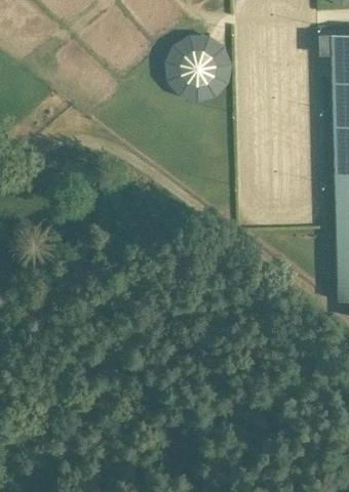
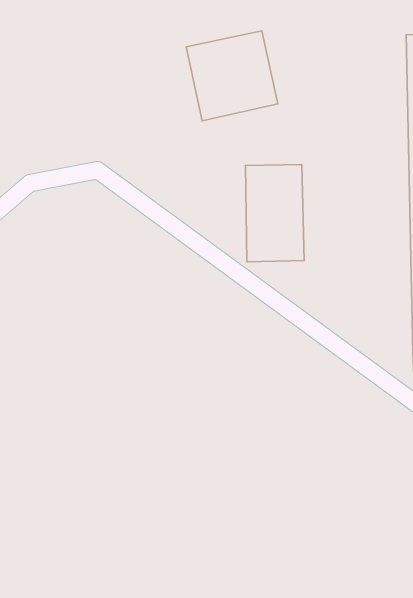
building: none -> [246,165,304,262]

